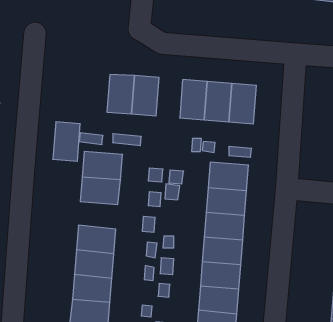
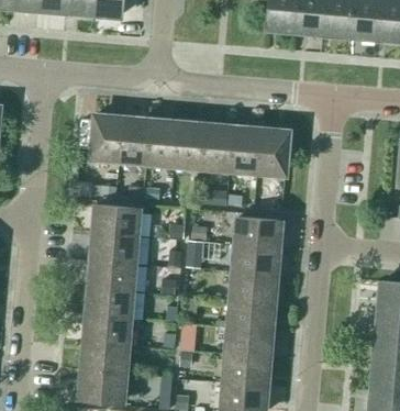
building: none -> [176,123,205,168]
building: [53,122,80,161] -> [93,118,124,162]
building: none -> [89,262,133,292]

